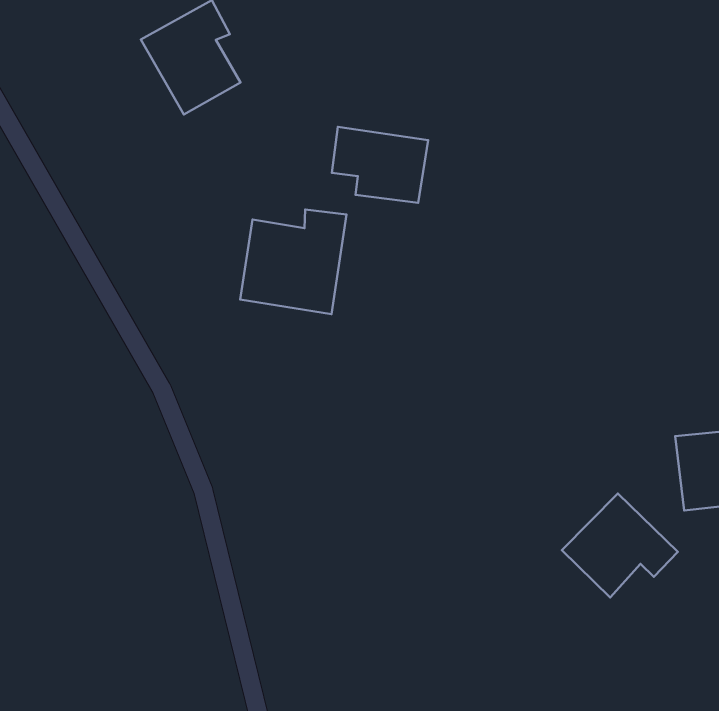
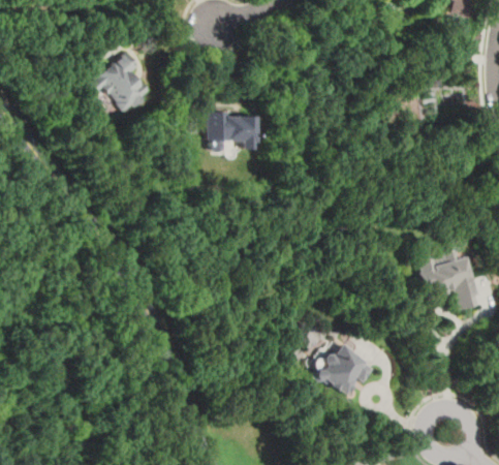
building: [240,209,346,314] -> none
building: [562,493,678,598] -> [313,340,377,398]

